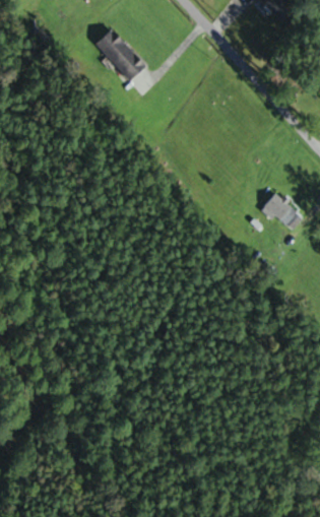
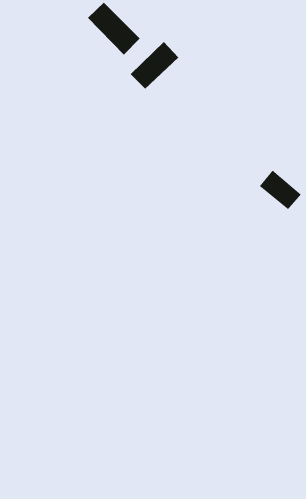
building: none -> [130,41,179,89]

